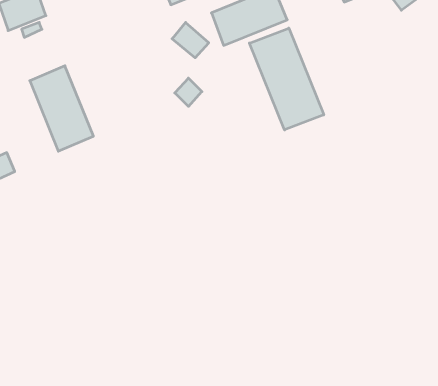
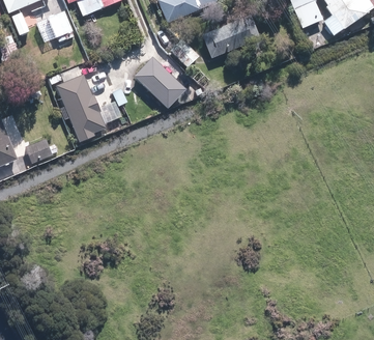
building: [249,28,324,130] -> none
building: none -> [122,52,173,102]

